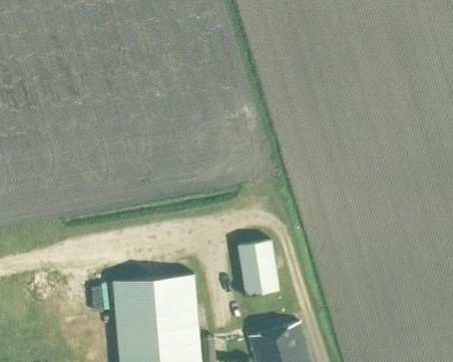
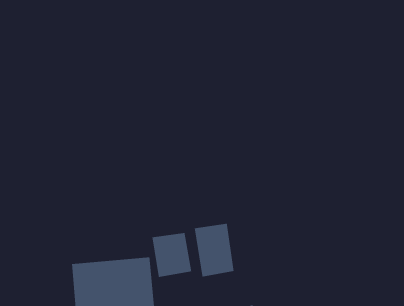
building: none -> [152,232,192,278]

